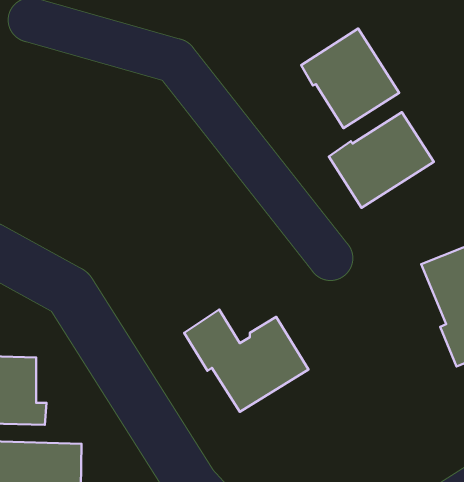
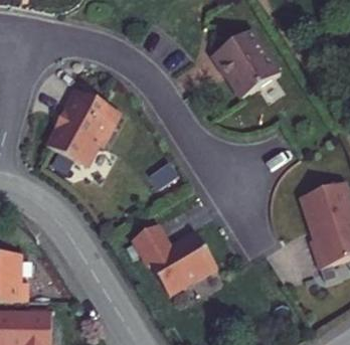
building: [329,112,434,208] -> none
building: none -> [47,95,121,169]

